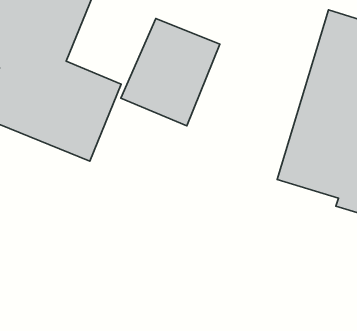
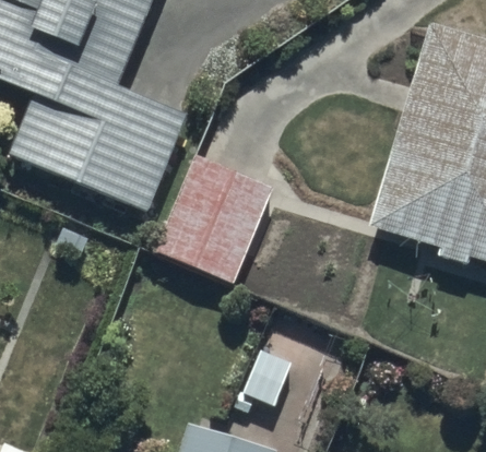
building: [121,18,220,126] -> [153,158,271,286]

